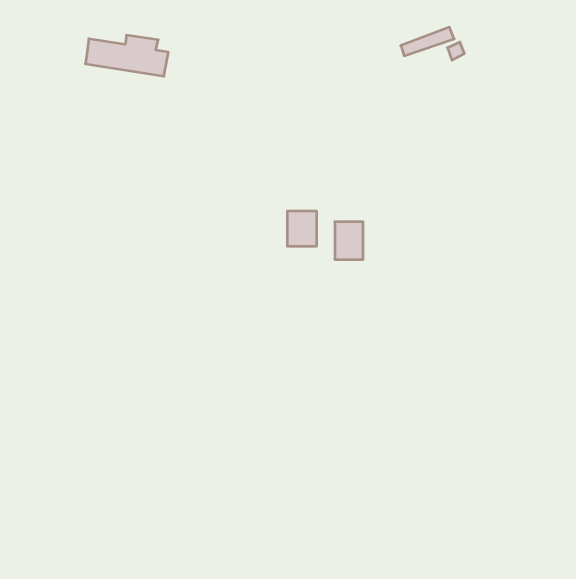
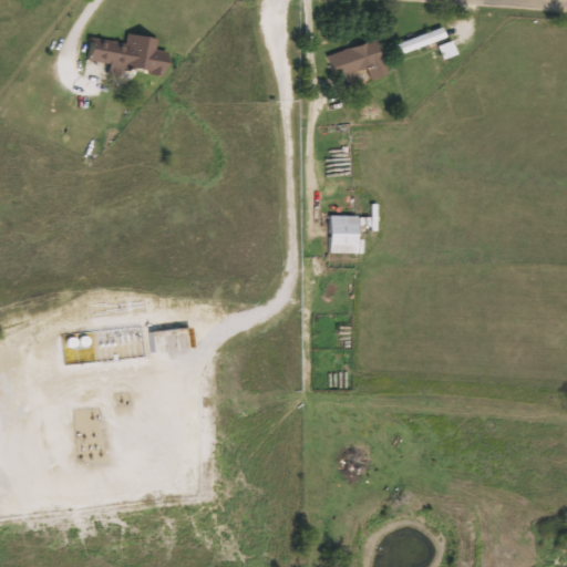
building: none -> [329,39,389,80]
building: [287,211,316,246] -> none

